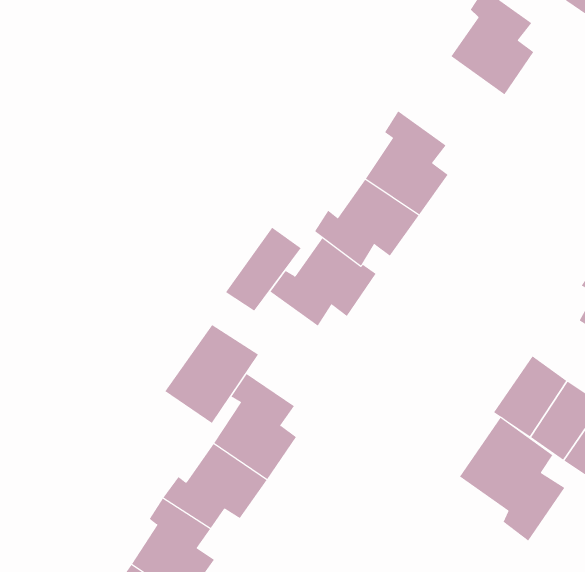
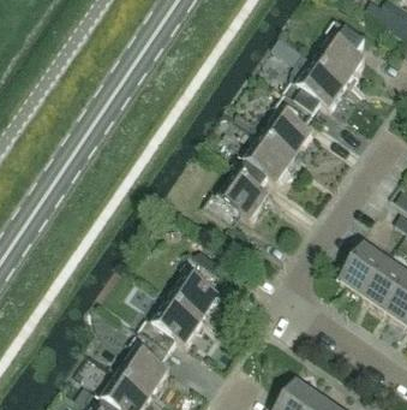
building: none -> [283,60,349,115]
building: [225,227,301,312] -> none
building: [164,324,259,424] -> none
building: [459,417,565,541] -> none

